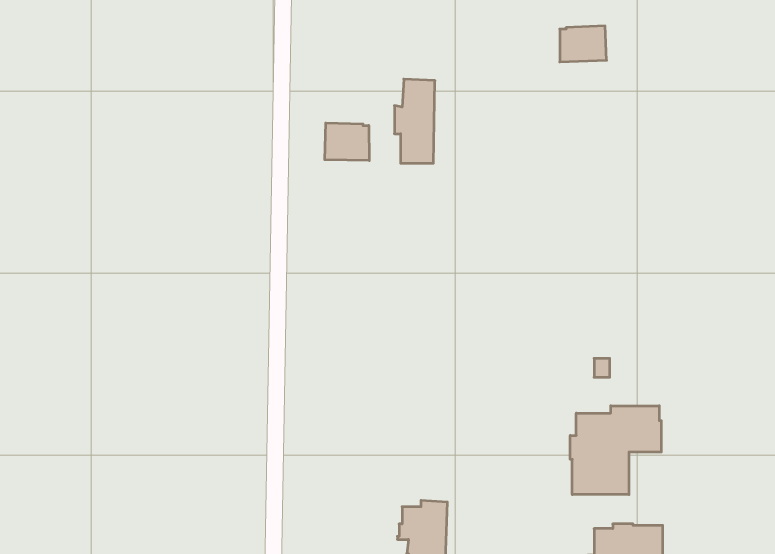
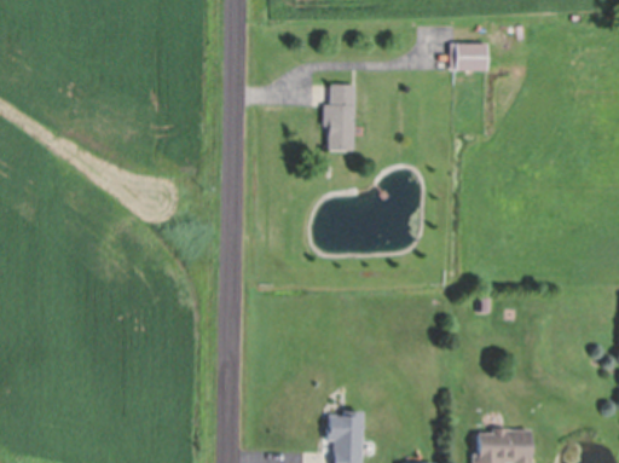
building: [325,123,369,161] -> none
building: [570,406,661,495] -> none

